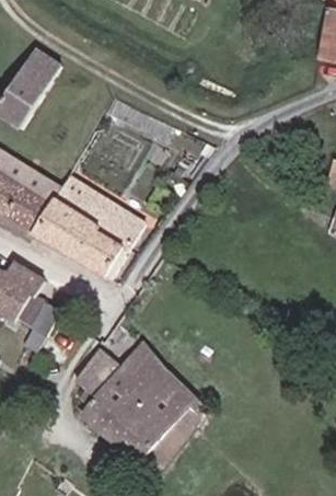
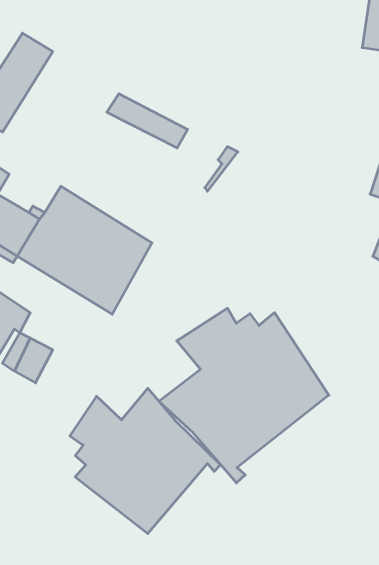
building: none -> [159,308,329,483]

